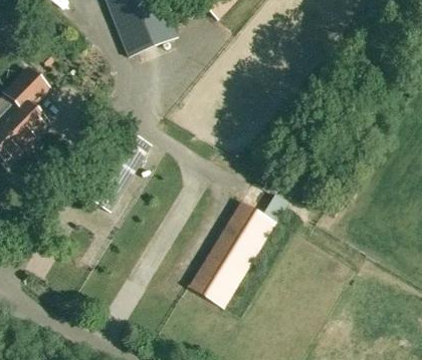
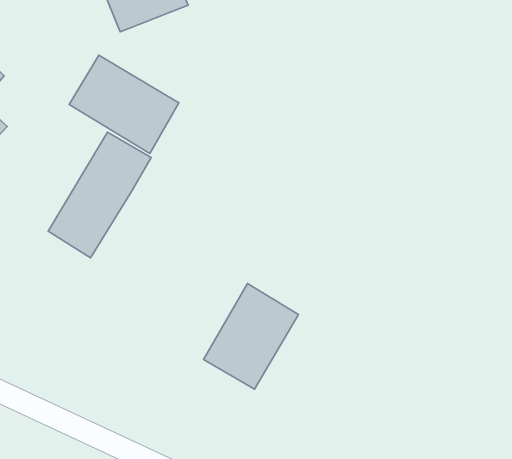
building: none -> [69,55,179,154]
building: [220,199,276,255] -> none

